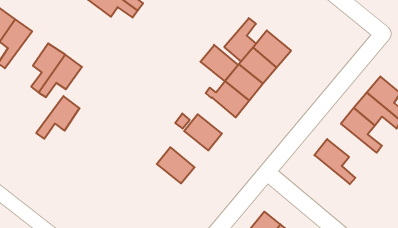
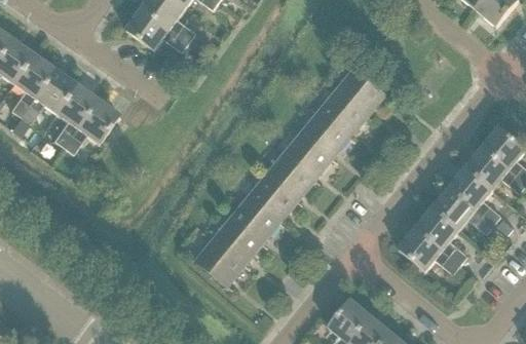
building: [224,18,256,61] -> none
building: [200,45,238,81] -> [266,153,314,199]
building: [36,96,80,139] -> [20,69,75,123]
building: none -> [431,187,494,233]
building: none -> [231,196,279,242]
building: none -> [399,227,460,273]
building: none -> [196,238,245,285]

